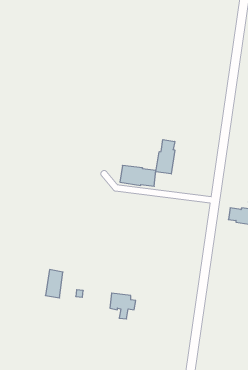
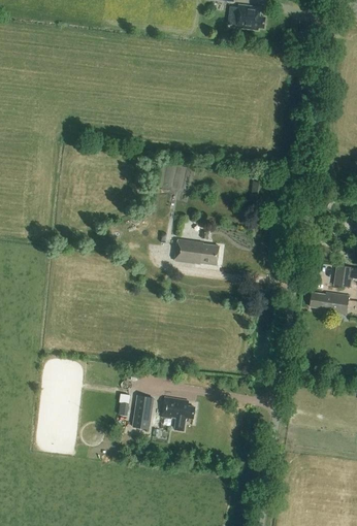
building: [156,140,175,174] -> none
building: [45,270,63,298] -> [131,393,153,428]

